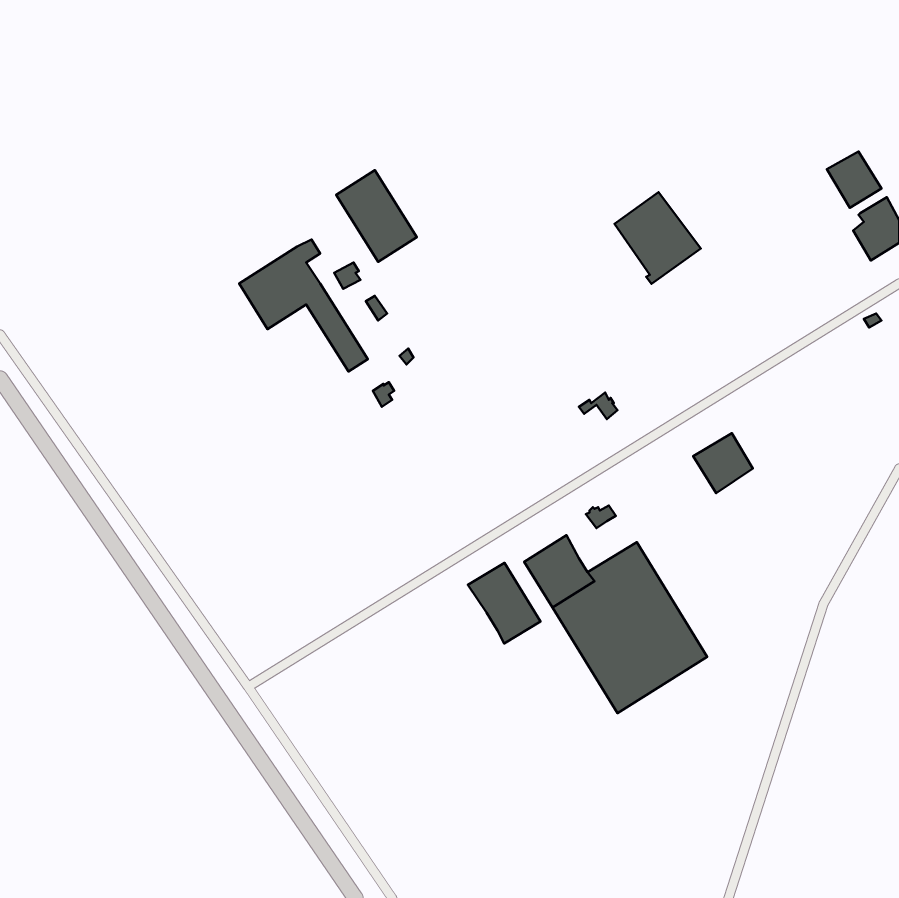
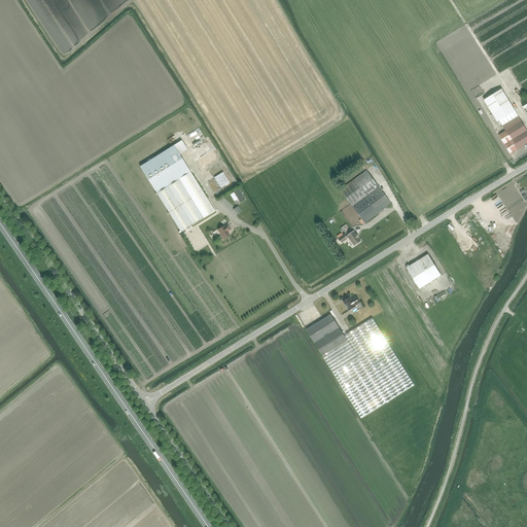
building: [336,170,417,262] -> [156,178,204,232]
building: [615,192,701,284] -> [341,170,391,223]
building: [468,563,541,644] -> none

